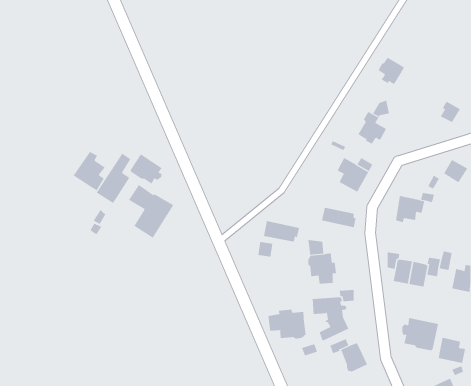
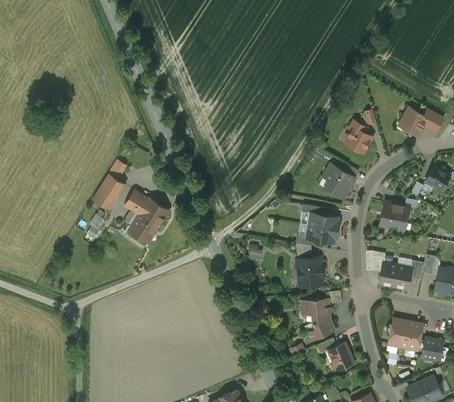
building: [378,57,405,85] -> [401,109,427,136]
building: [73,151,106,191] -> none
building: [130,154,163,185] -> none
building: [263,220,300,242] -> [306,226,341,247]
building: [268,309,306,340] -> none

